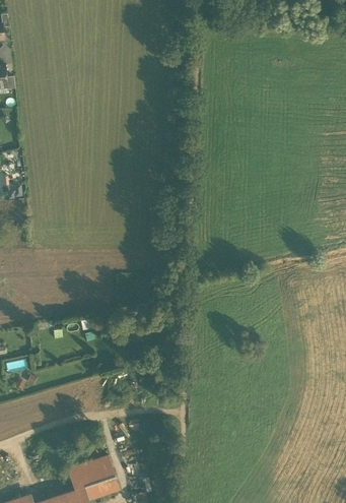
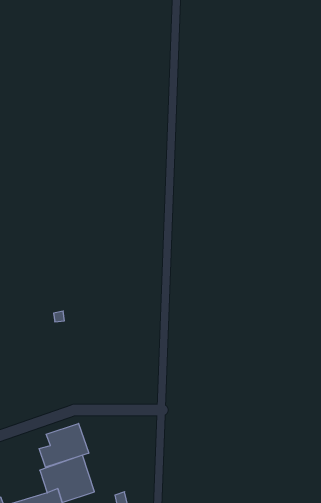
building: none -> [39,423,89,467]

